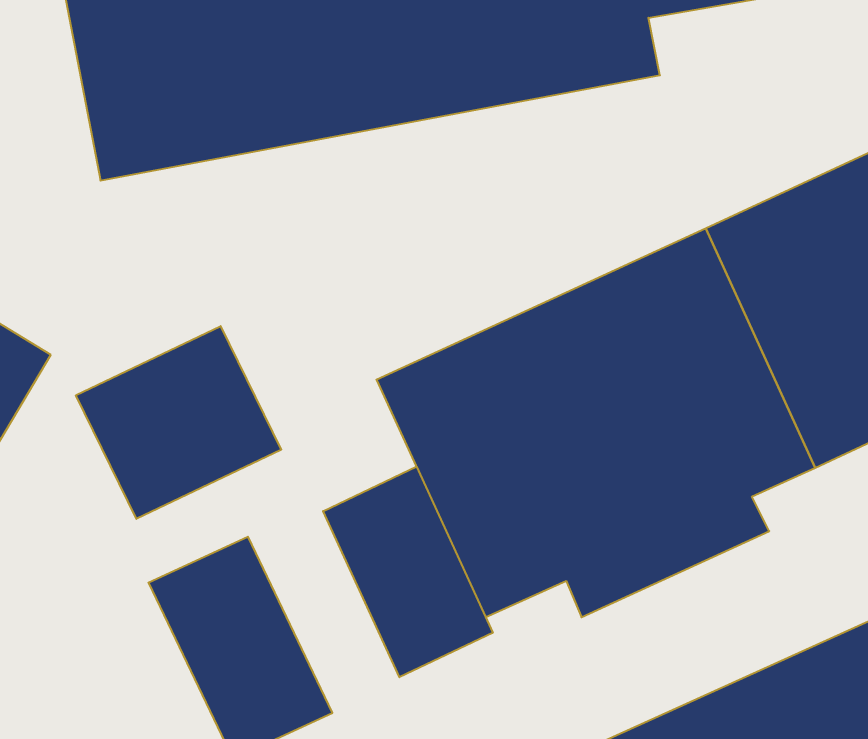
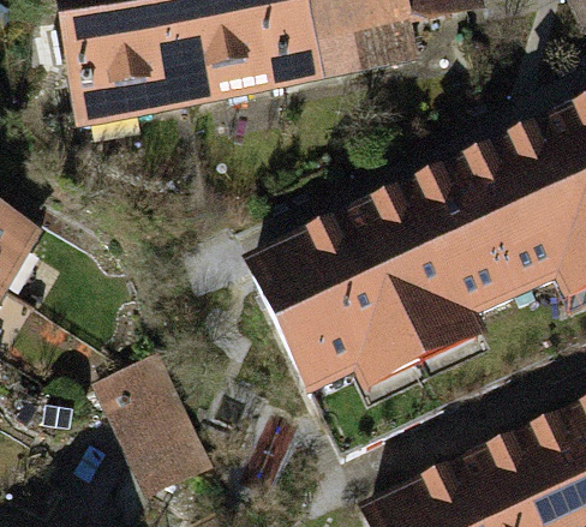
building: [76,326,281,519] -> none
building: [323,467,493,677] -> none

